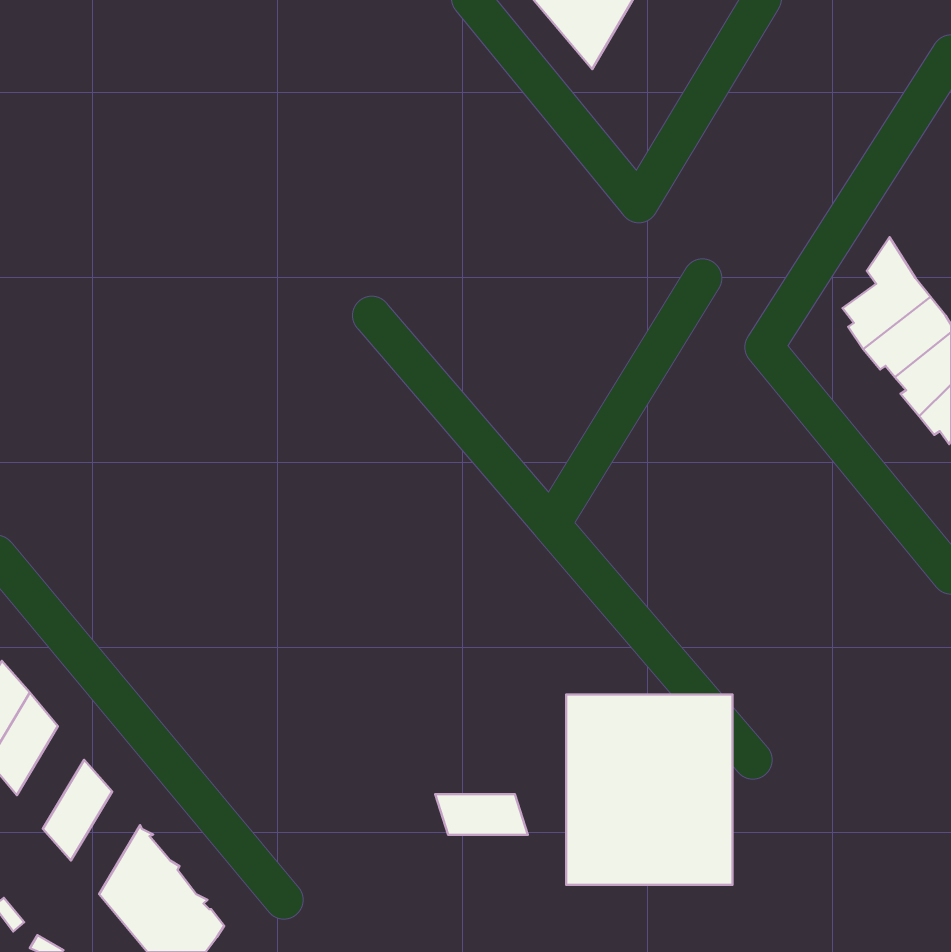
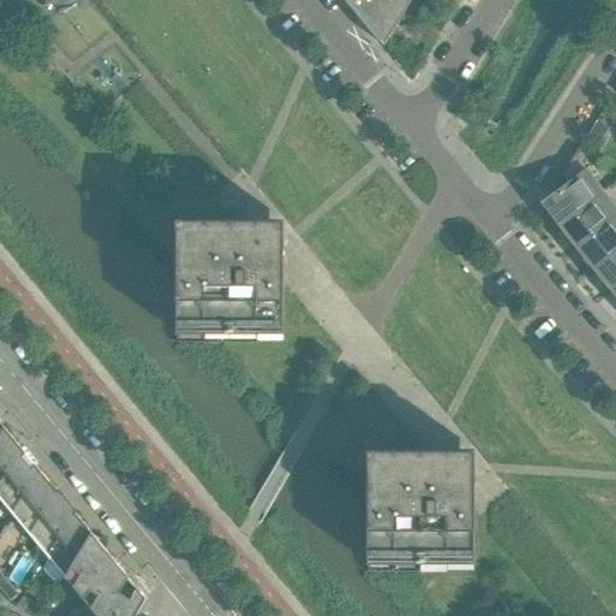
building: none -> [174,218,282,342]
building: none -> [11,468,54,534]
building: none -> [46,510,90,576]
building: [435,794,528,835] -> none

